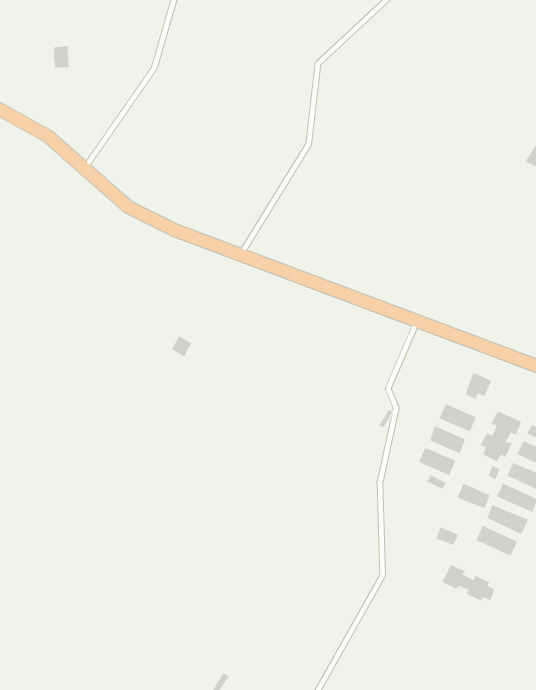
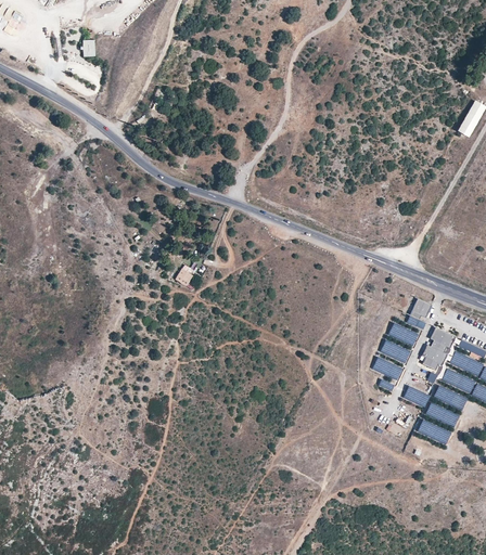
building: [442,564,495,602] -> none

